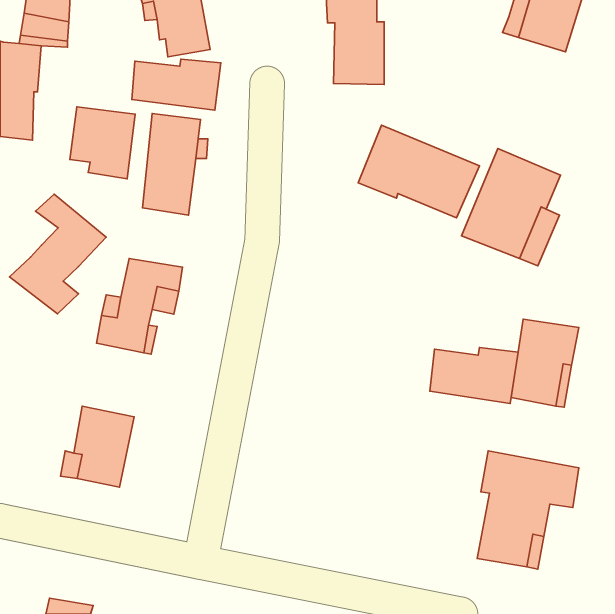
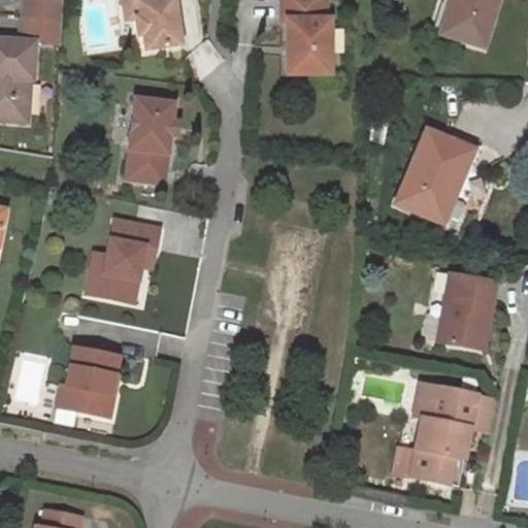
building: [132,59,221,110] -> none
building: [70,107,135,179] -> none
building: [358,125,479,218] -> none
building: [10,194,106,314] -> none
building: [430,347,518,403] -> none

